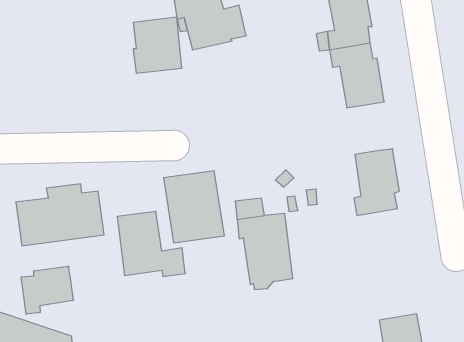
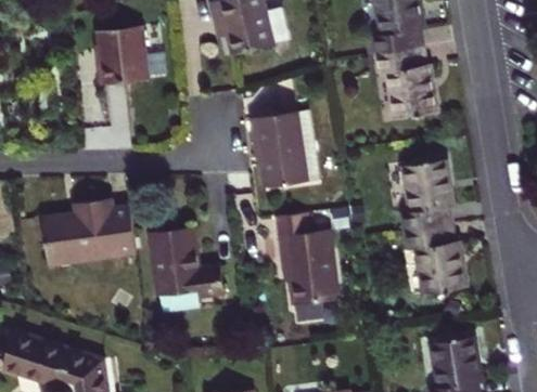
building: [133,17,182,73] -> [95,26,148,86]
building: [164,171,224,243] -> [253,110,318,187]
building: none -> [407,224,465,293]
building: [21,266,73,314] -> none

